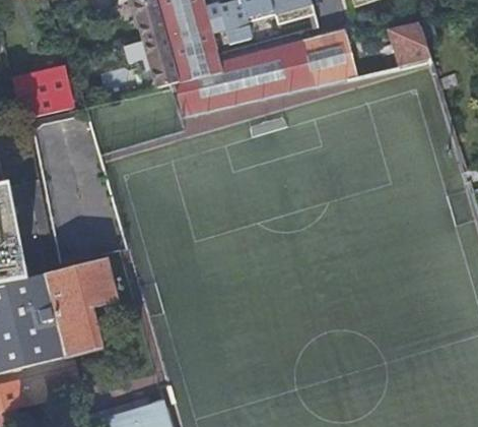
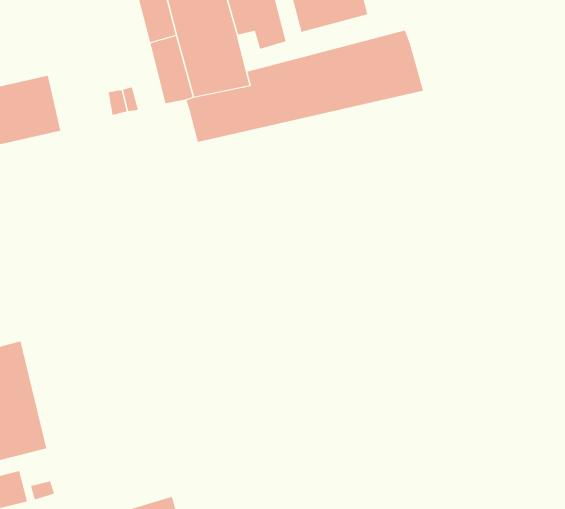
building: [389,21,430,66] -> none
building: [43,257,118,357] -> none

